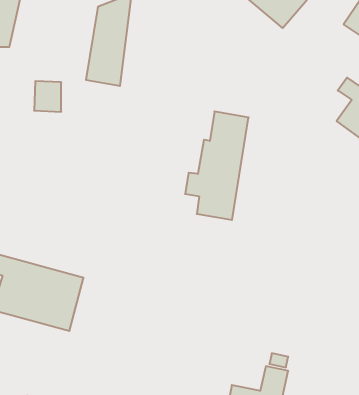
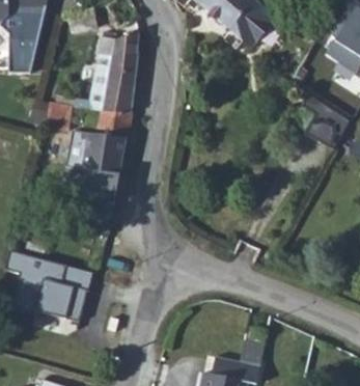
building: [185,111,249,220] -> [66,100,122,195]

